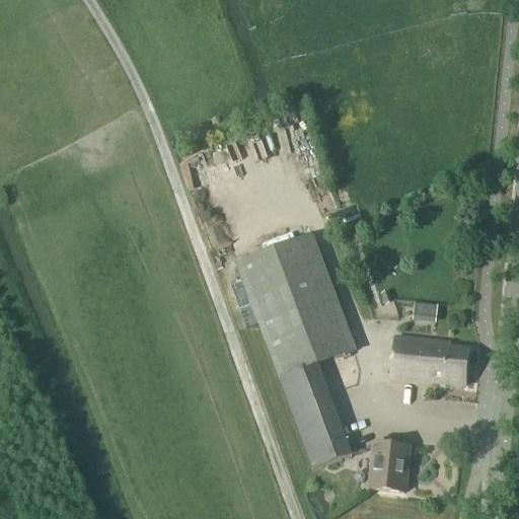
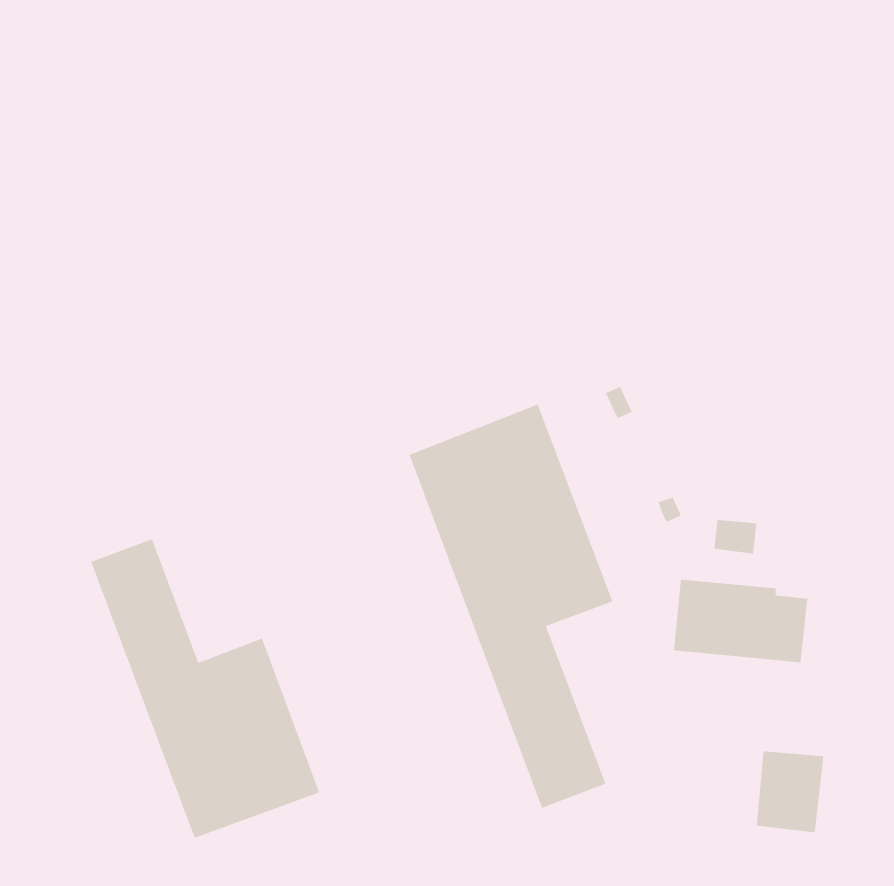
building: none -> [90,538,320,839]
building: [370,442,410,490] -> [756,751,824,833]

